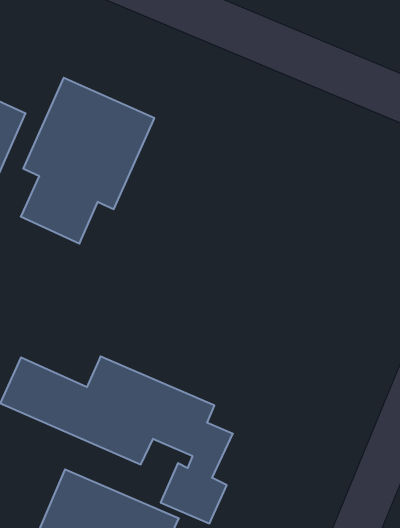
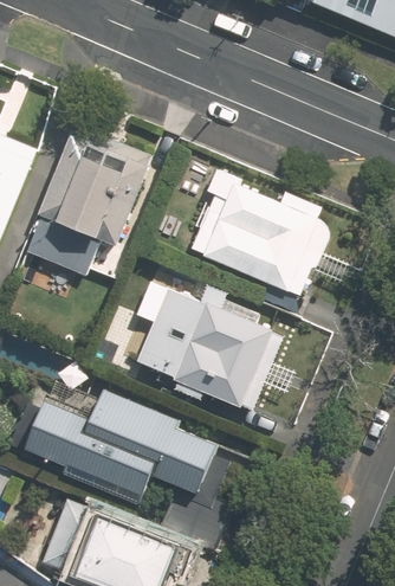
building: none -> [187,173,317,291]
building: none -> [125,284,273,412]

